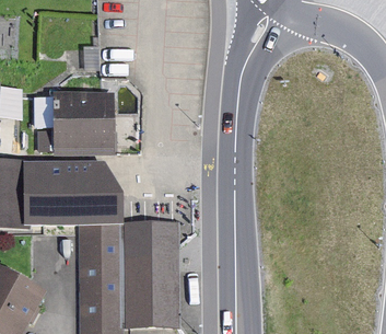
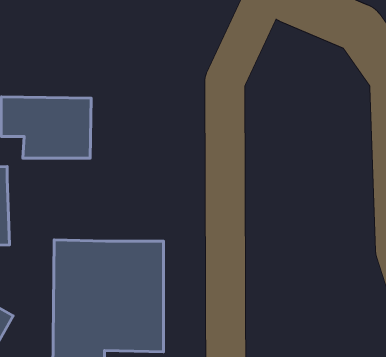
building: [38,164,128,227] -> none

